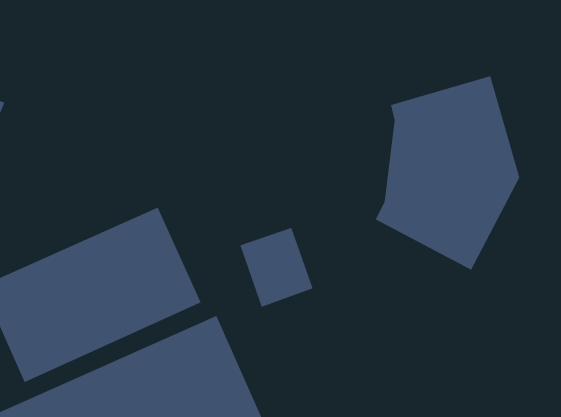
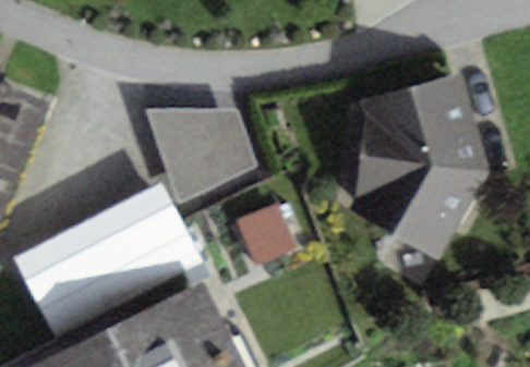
building: none -> [144,101,251,192]

